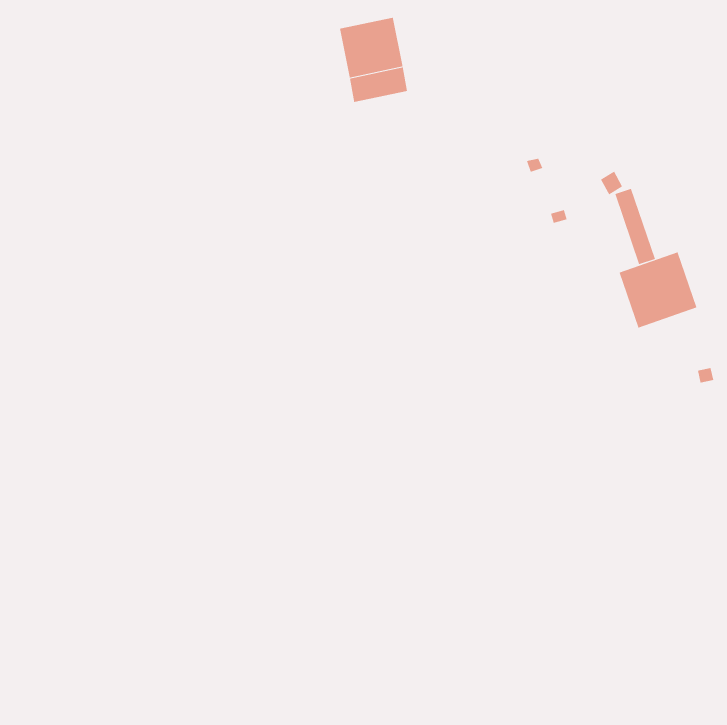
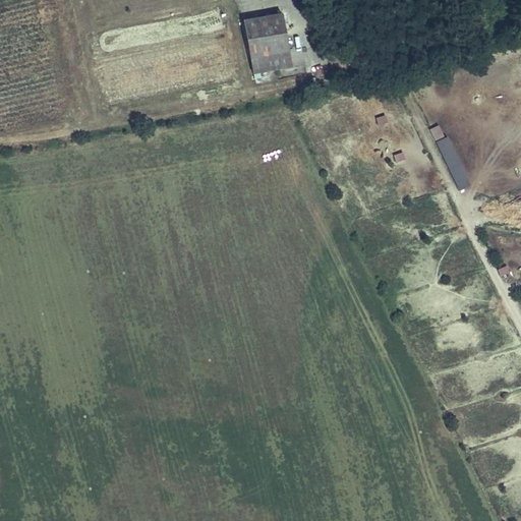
building: [619,251,697,329] -> none

